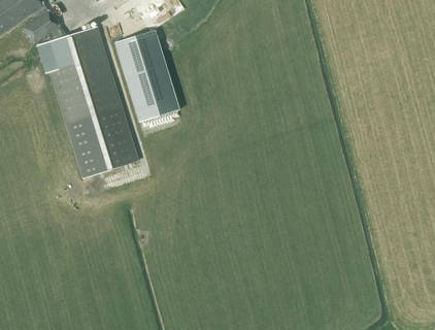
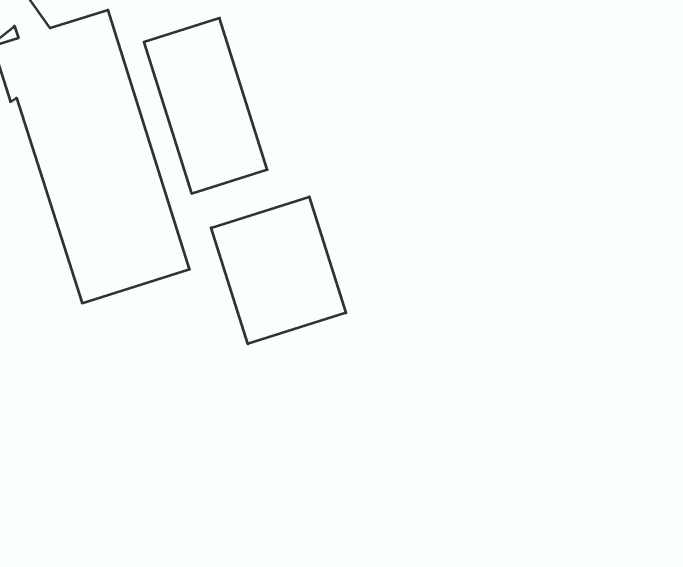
building: none -> [211,197,346,344]

